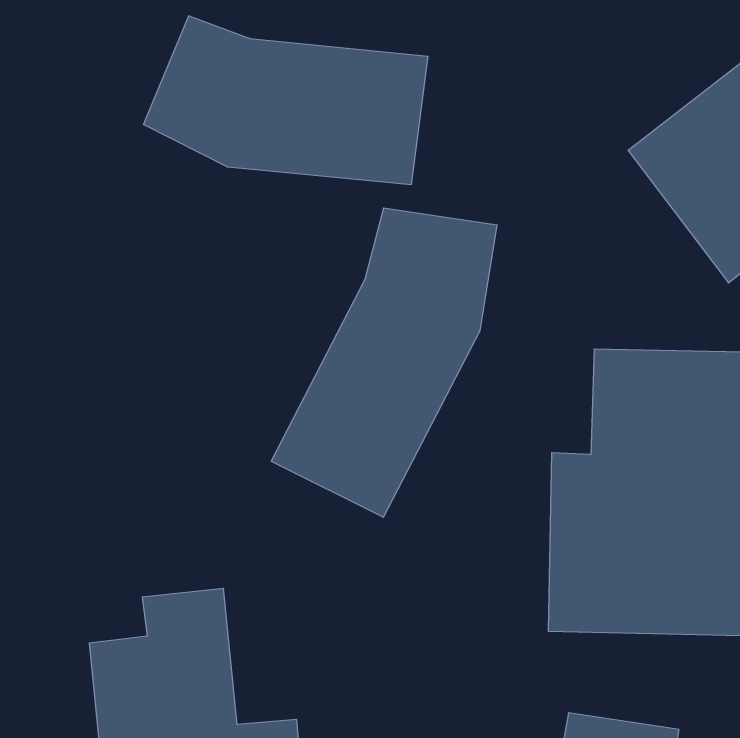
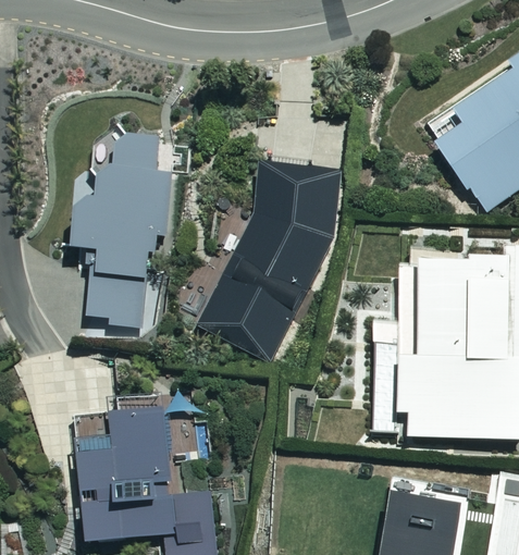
building: [143,16,428,185] -> none
building: none -> [75,128,175,329]

